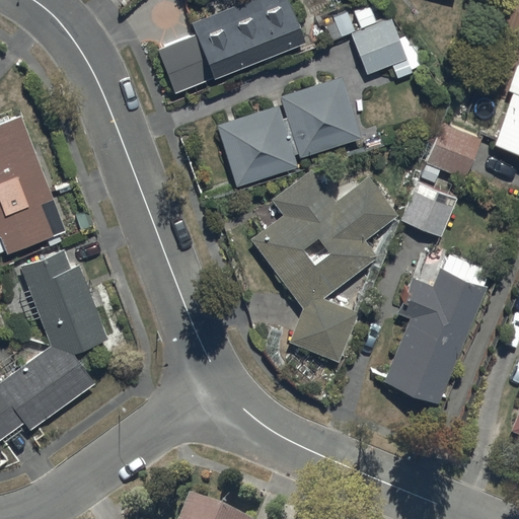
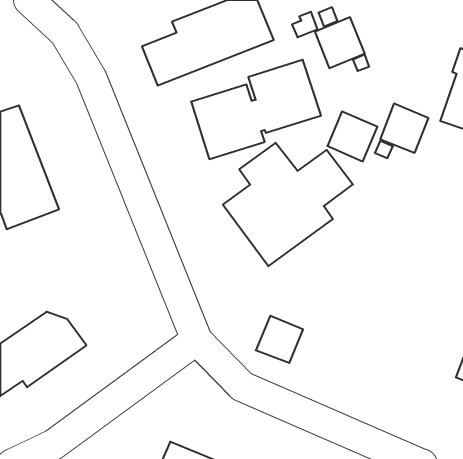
building: [400,179,456,235] -> [327,111,377,161]
building: [22,257,112,362] -> none
building: [383,265,486,400] -> none
building: [296,297,349,350] -> [256,316,303,363]

